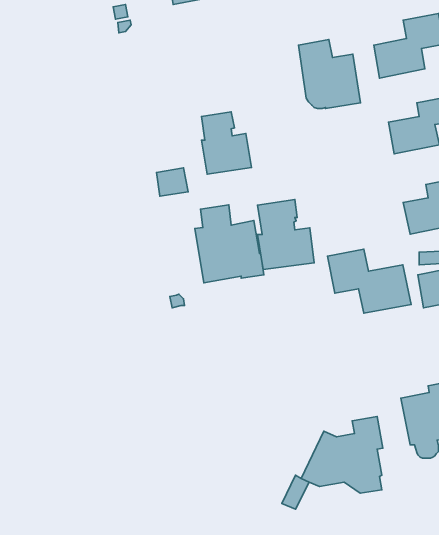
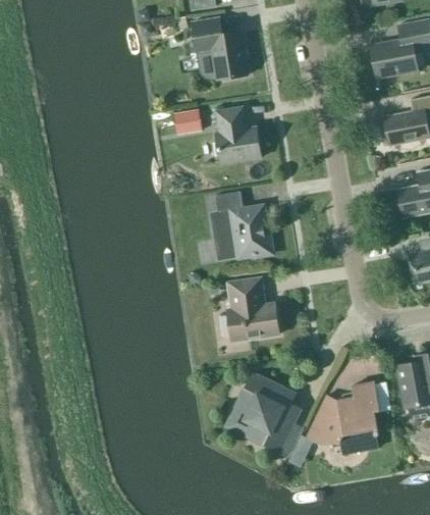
building: [298,39,361,109] -> [192,16,248,79]
building: [156,168,188,196] -> [174,108,203,134]
building: [258,199,314,270] -> [227,276,278,340]
building: [327,249,411,313] -> none
building: none -> [230,371,298,451]

